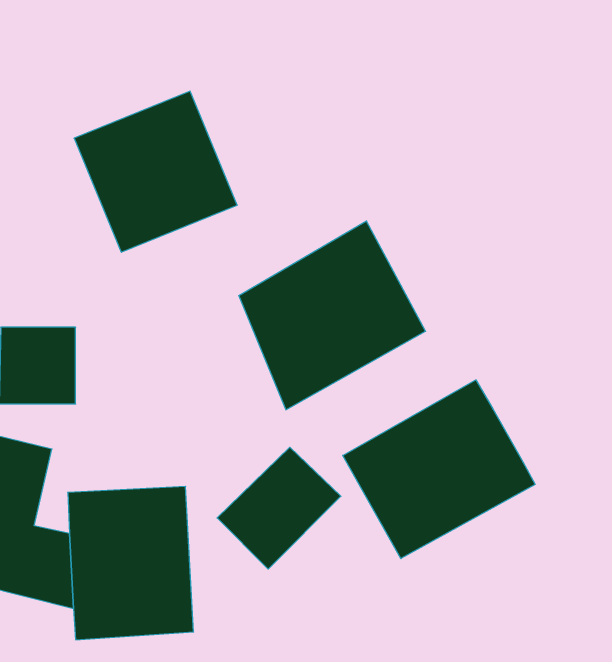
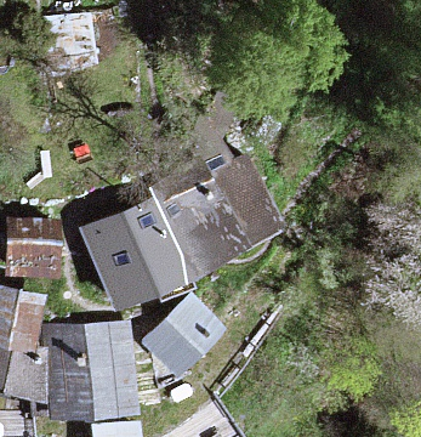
building: [74,91,237,252] -> [86,205,187,305]
building: [343,380,535,559] -> none

